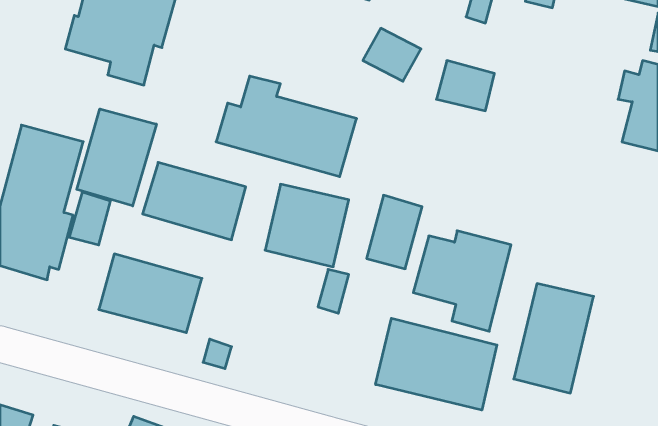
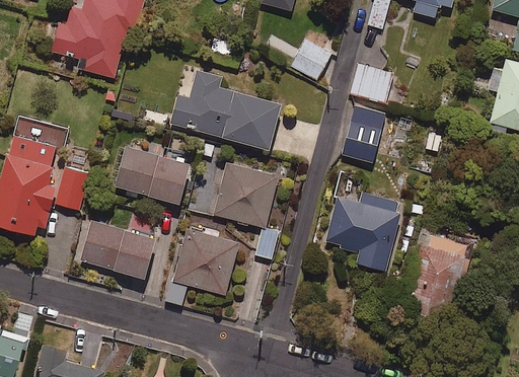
building: [77,109,156,206] -> none
building: [367,195,422,269] -> [342,106,385,164]
building: none -> [169,224,237,291]
building: [376,318,497,410] -> none

